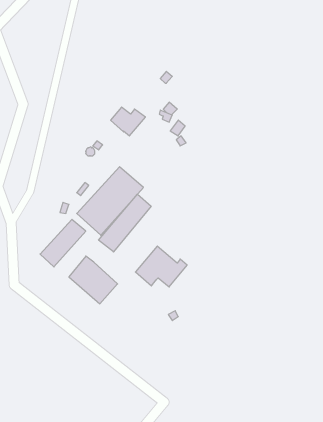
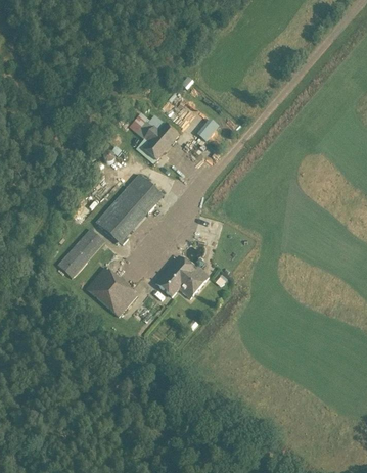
building: none -> [144,124,179,160]
building: [99,194,151,252] -> none

